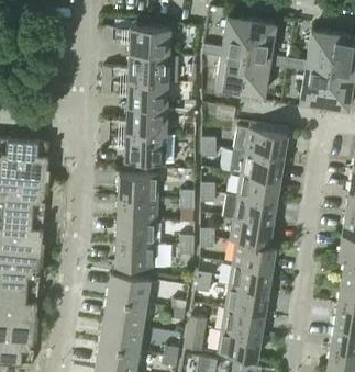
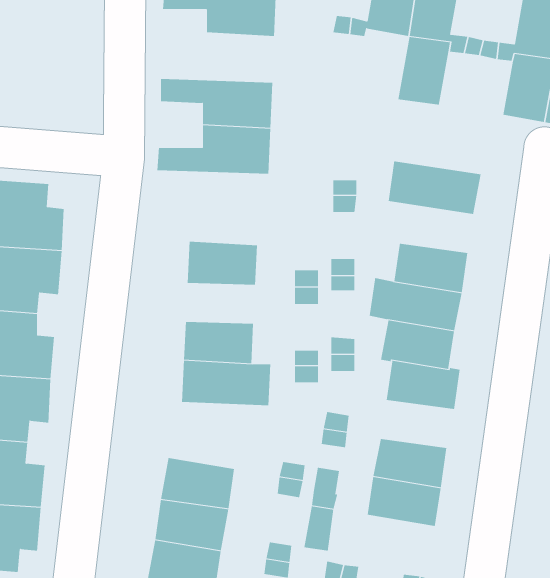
building: [215,52,246,92] -> none
building: [103,54,180,82] -> none
building: [101,133,177,162] -> none
building: [230,150,284,180] -> none
building: [118,198,158,221] -> none
building: [230,264,273,292] -> none
building: [108,273,151,304] -> none
building: [219,330,262,360] -> none

